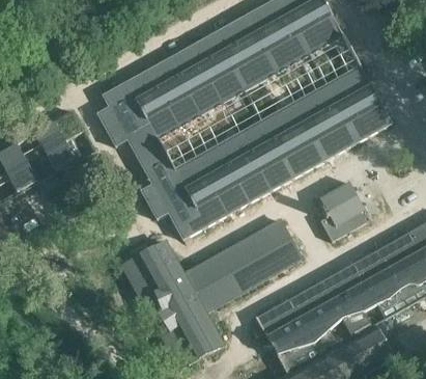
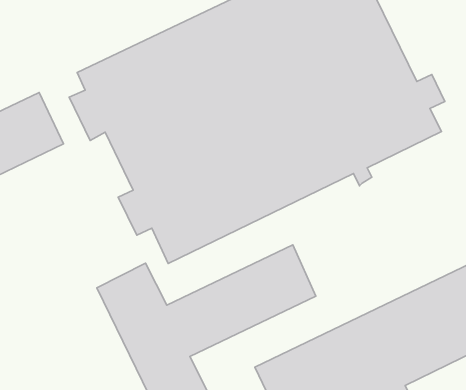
building: [318,182,366,241] -> none

